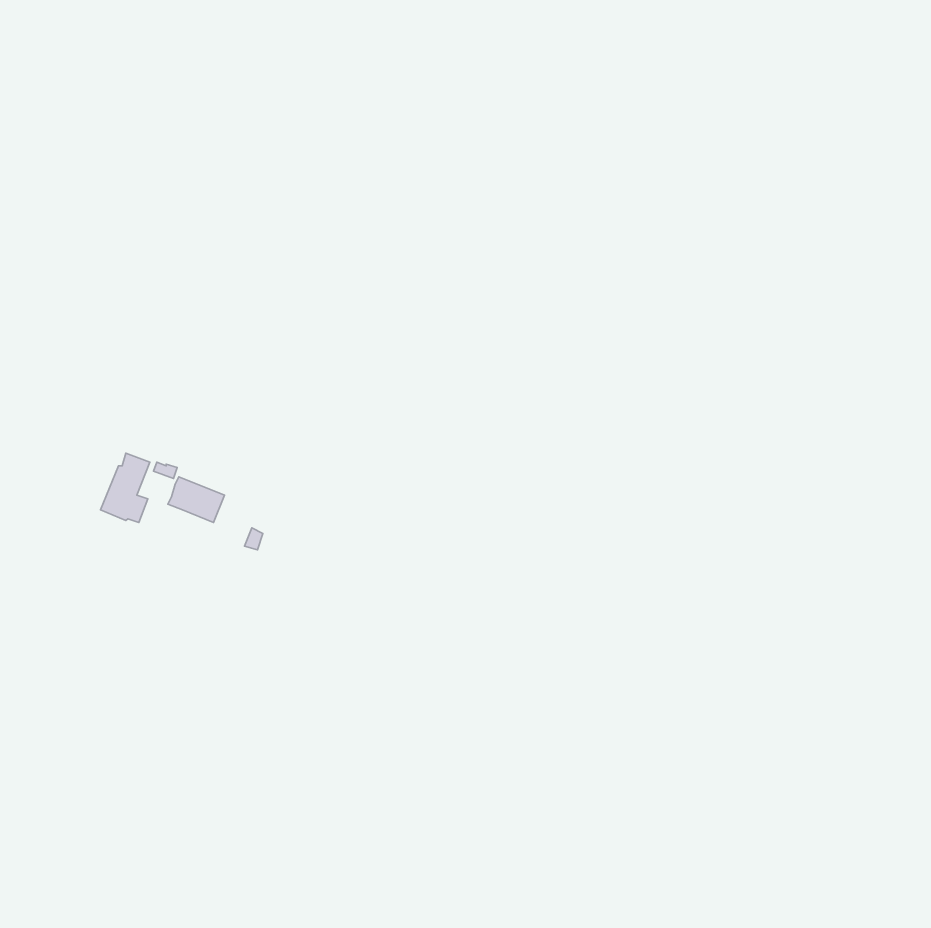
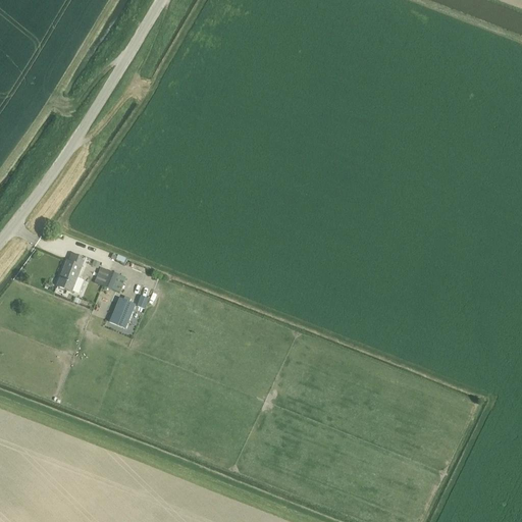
building: none -> [109,298,135,326]

